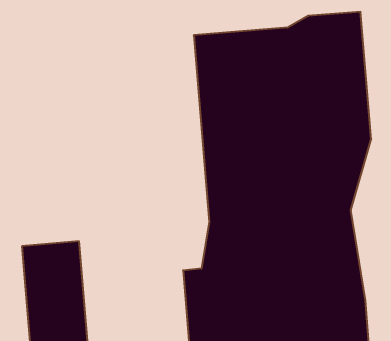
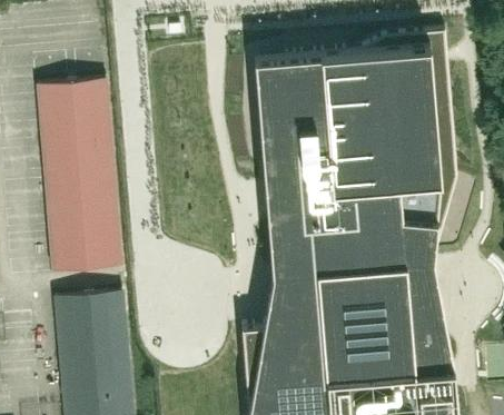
building: none -> [37,85,122,277]

